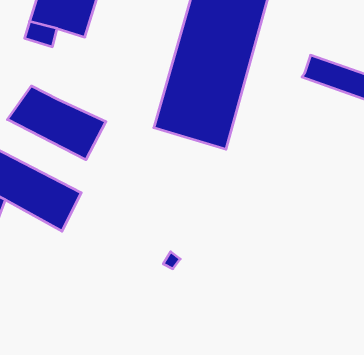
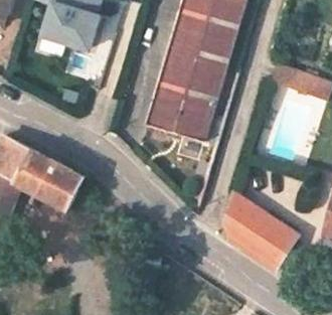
building: [7,86,106,160] -> none
building: none -> [221,190,297,268]

